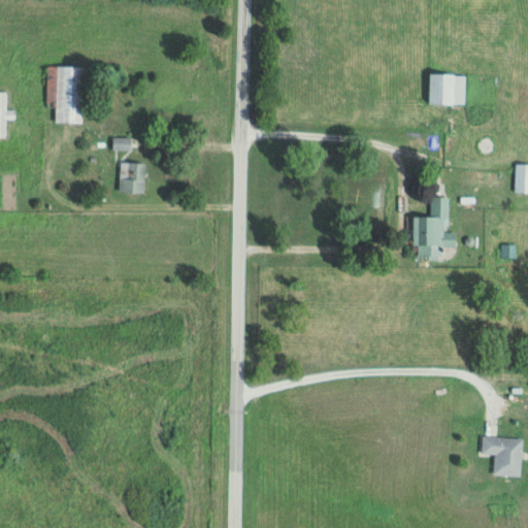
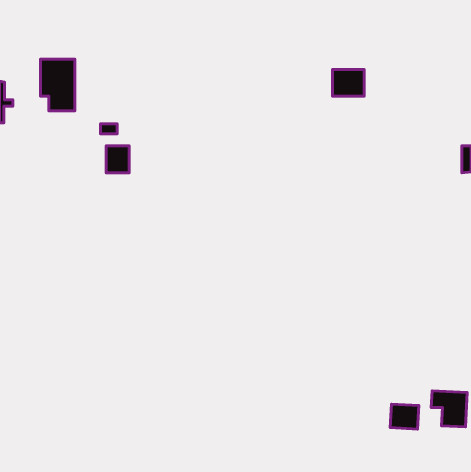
building: [431,74,466,104] -> [333,70,364,96]
building: [418,198,457,256] -> none
building: none -> [390,404,419,429]

